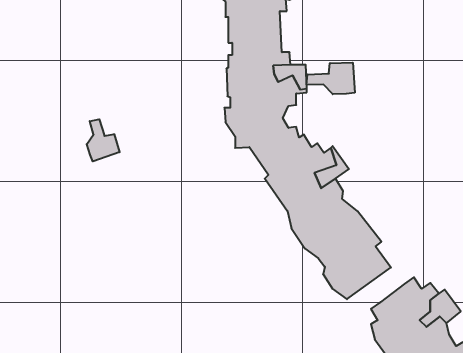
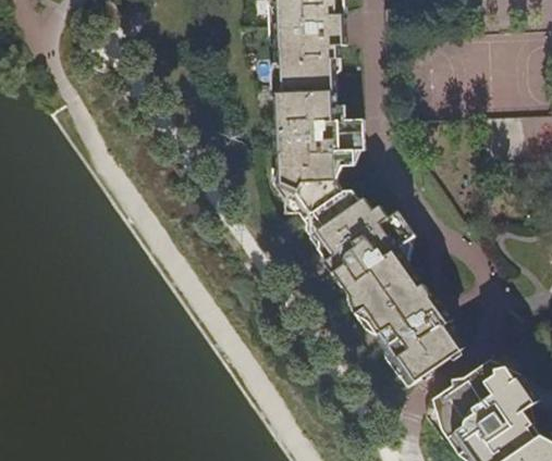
building: [307,63,355,94] -> none
building: [87,119,120,161] -> none

